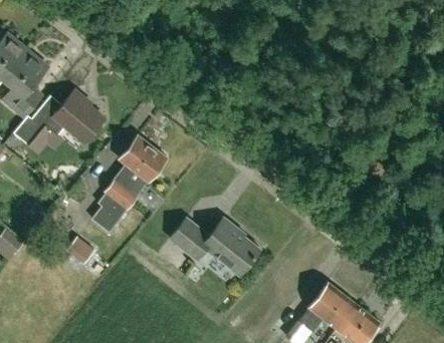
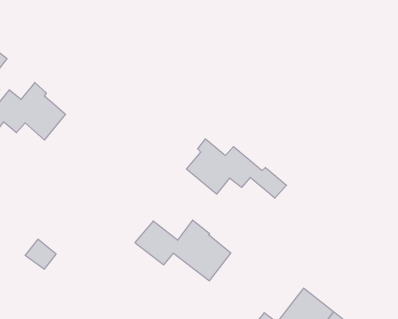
building: [91,135,167,232] -> none
building: none -> [186,139,287,198]

